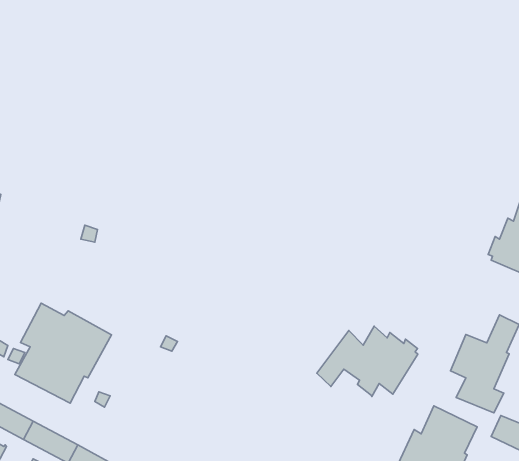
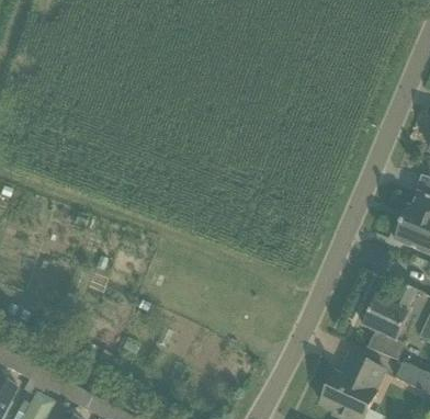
building: [15,303,112,403] -> none
building: [317,326,418,396] -> none

